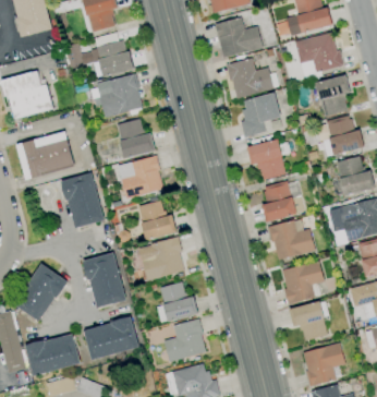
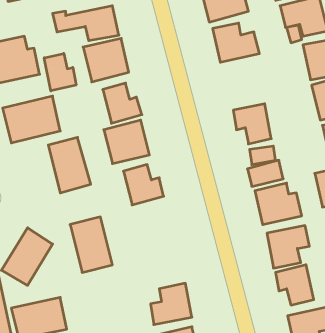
building: none -> [44,53,76,91]
building: [240,93,281,137] -> none
building: [139,239,185,280] -> none
building: [161,284,198,321] -> none
building: [84,318,139,360] -> none

